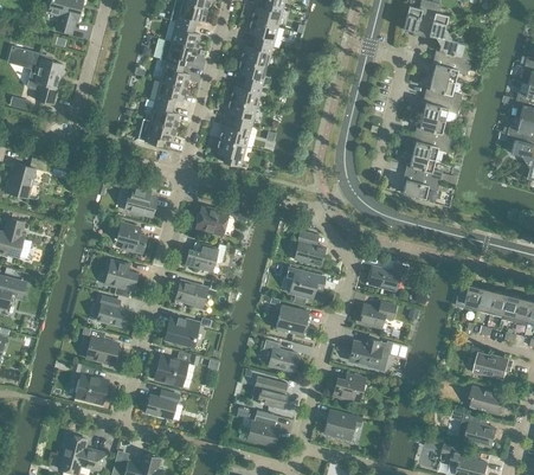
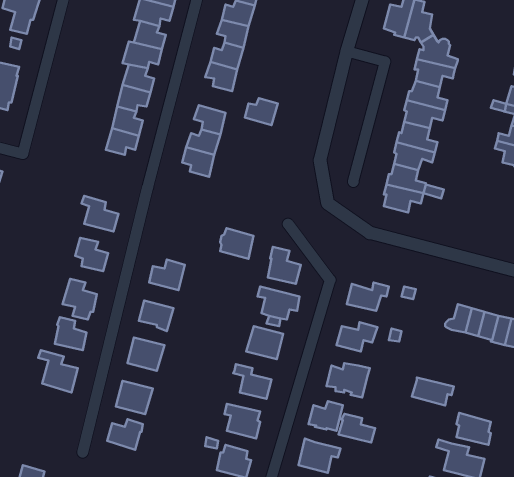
building: [231,82,262,107] -> [245,98,278,125]
building: [197,206,227,235] -> [220,228,253,259]
building: [474,353,513,379] -> [412,377,454,406]
building: [75,374,109,405] -> none
building: none -> [339,414,375,443]

